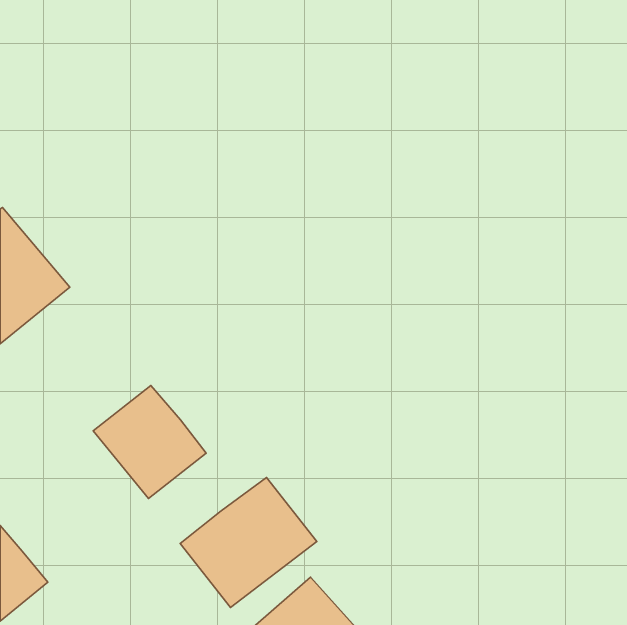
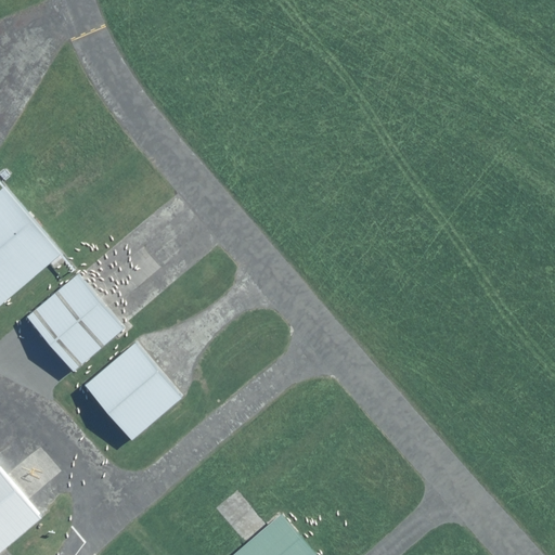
building: none -> [26,275,122,372]
building: [180,478,317,607] -> none

